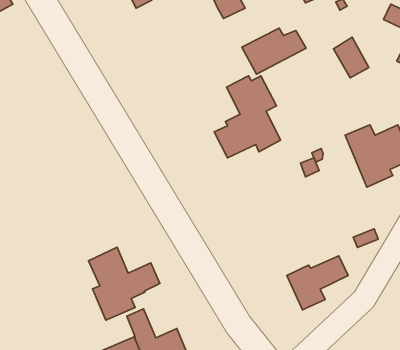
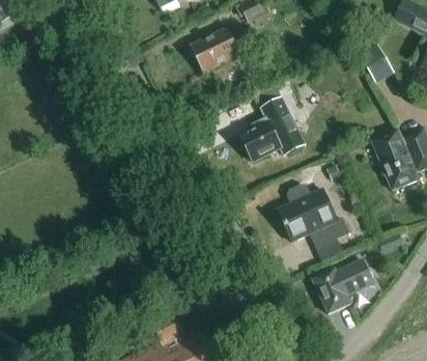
building: [242,28,306,74] -> [189,26,253,72]
building: none -> [277,185,348,248]
building: [88,247,160,320] -> none

